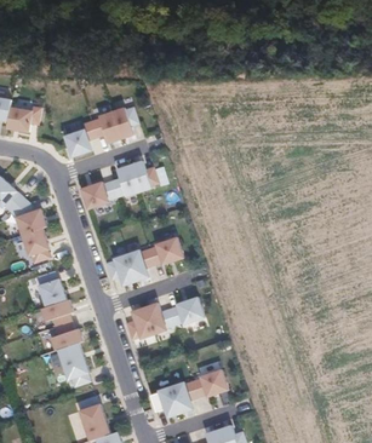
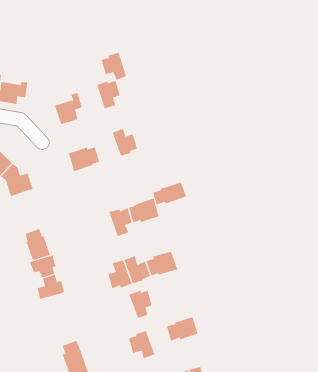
building: [96,110,125,142] -> [101,52,127,80]
building: [115,163,143,196] -> none
building: none -> [152,182,187,206]
building: [21,228,48,263] -> none
building: [109,252,139,284] -> none
building: [56,343,88,387] -> none
building: [172,379,199,410] -> [129,290,153,318]

